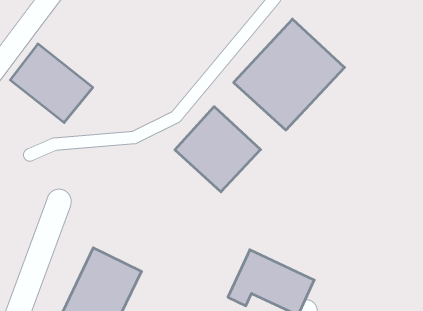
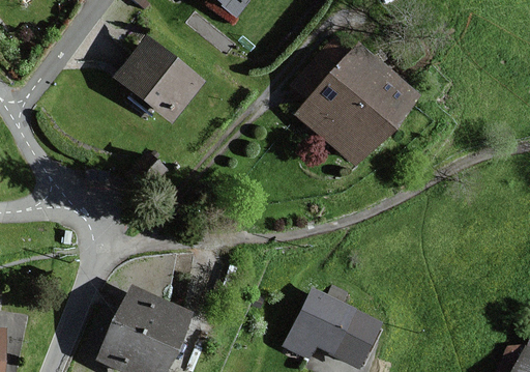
building: [10,44,93,123] -> [113,37,203,123]
building: [175,107,261,192] -> none

